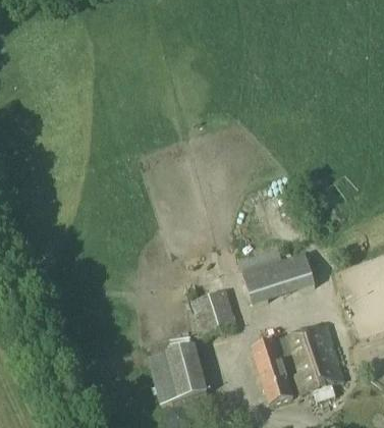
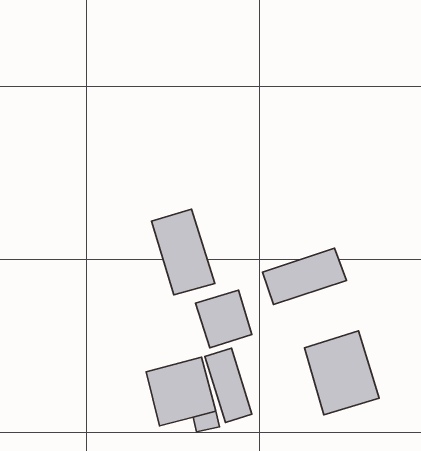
building: none -> [151,209,215,295]
building: [252,339,291,403] -> [205,348,252,423]

